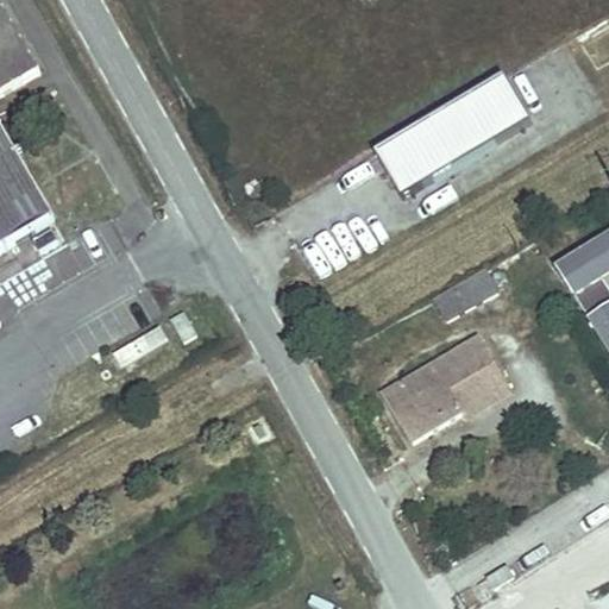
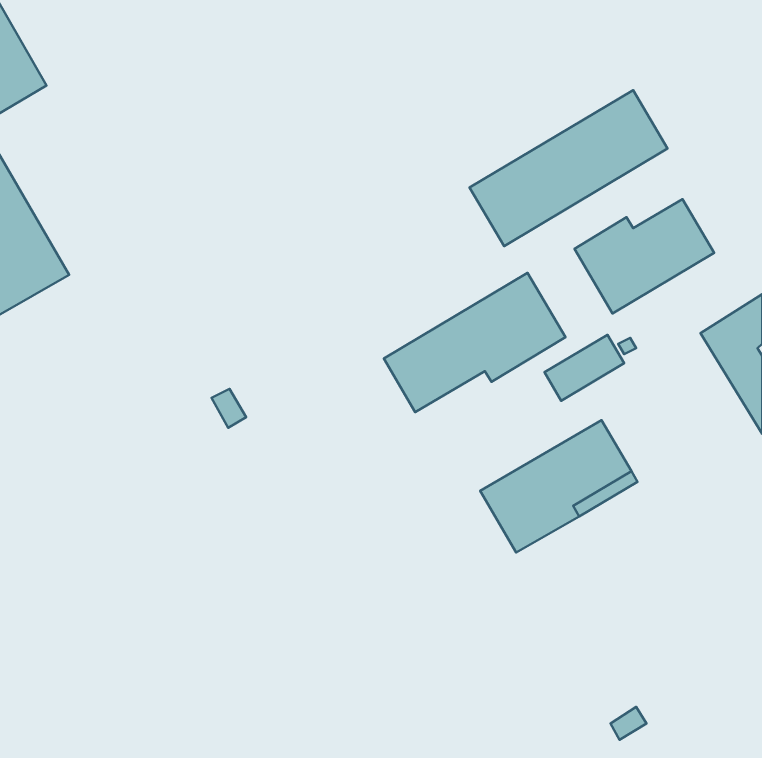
building: none -> [574,199,714,313]
building: none -> [384,273,565,412]

